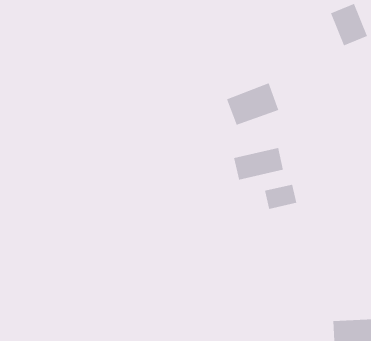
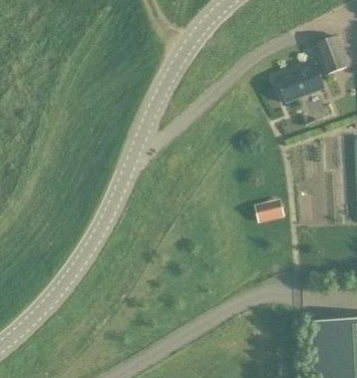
building: [226,82,279,126] -> [277,63,325,102]
building: [234,147,283,180] -> none

